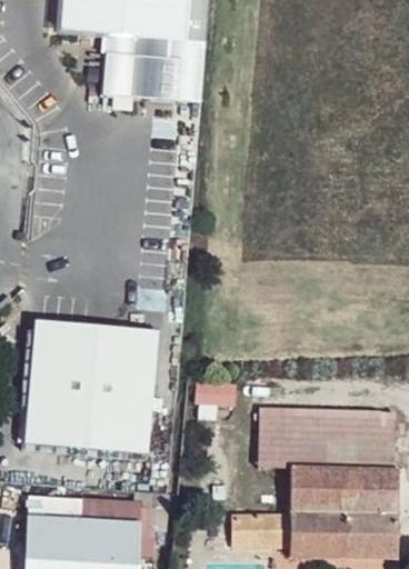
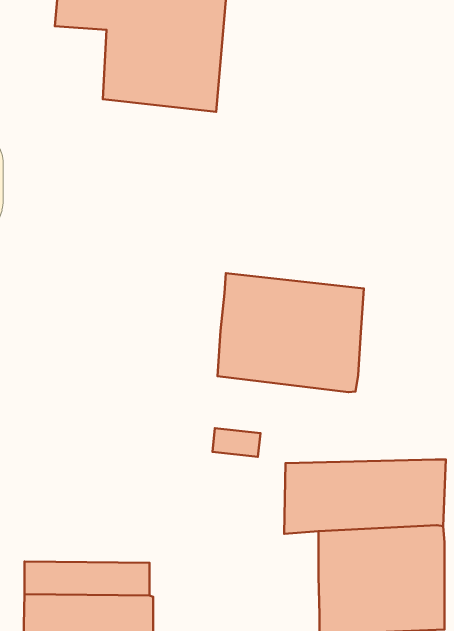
building: none -> [217,273,364,392]
building: [26,318,161,456] -> none
building: [230,511,288,545] -> none

